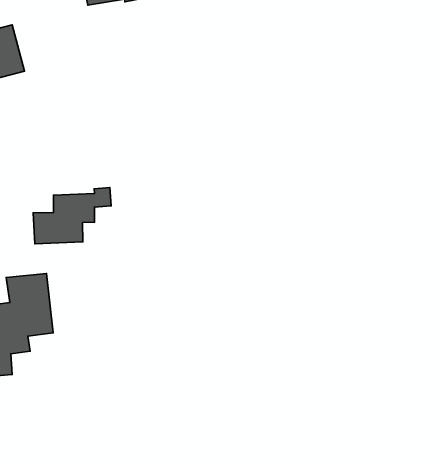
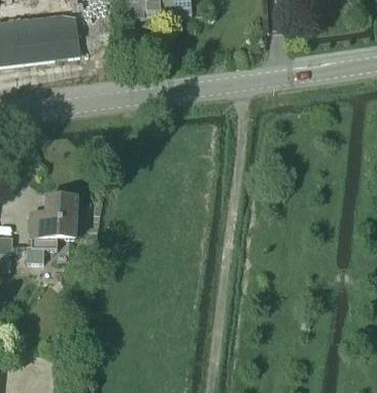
building: [33,187,111,244] -> none

